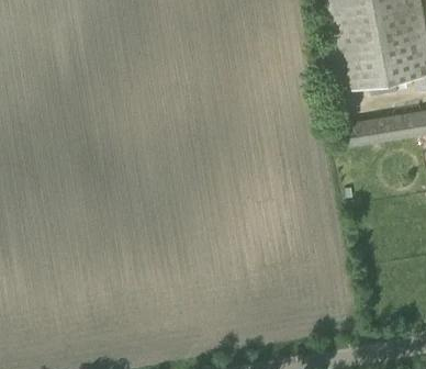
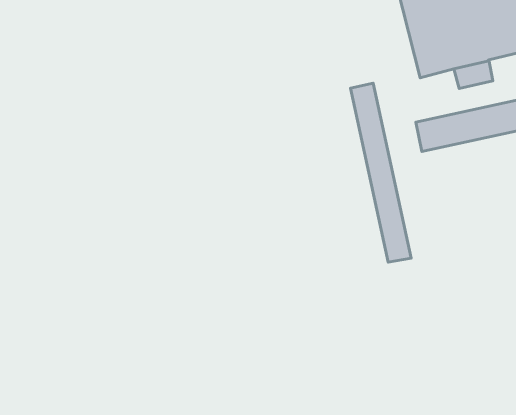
building: none -> [351,83,411,262]

